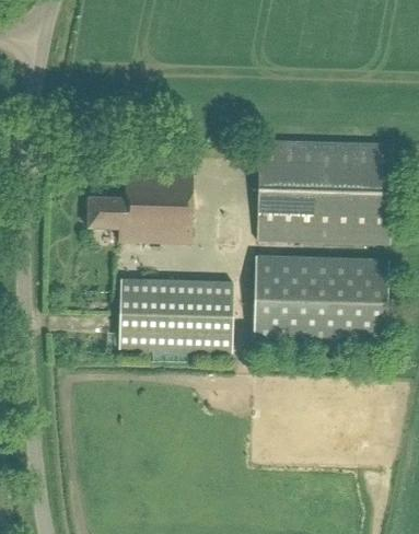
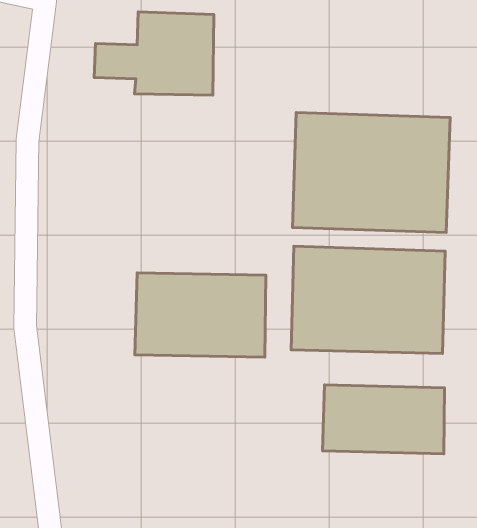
building: [88,171,191,243] -> [94,12,214,95]
building: none -> [322,385,445,454]

